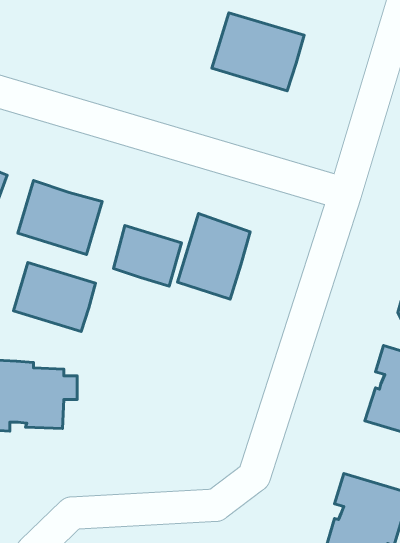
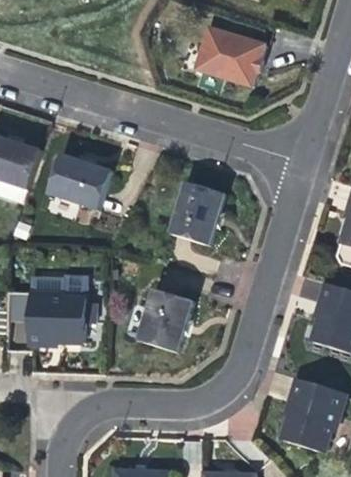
building: [114,225,182,286] -> none
building: [14,262,96,332] -> none
building: none -> [136,288,191,352]

